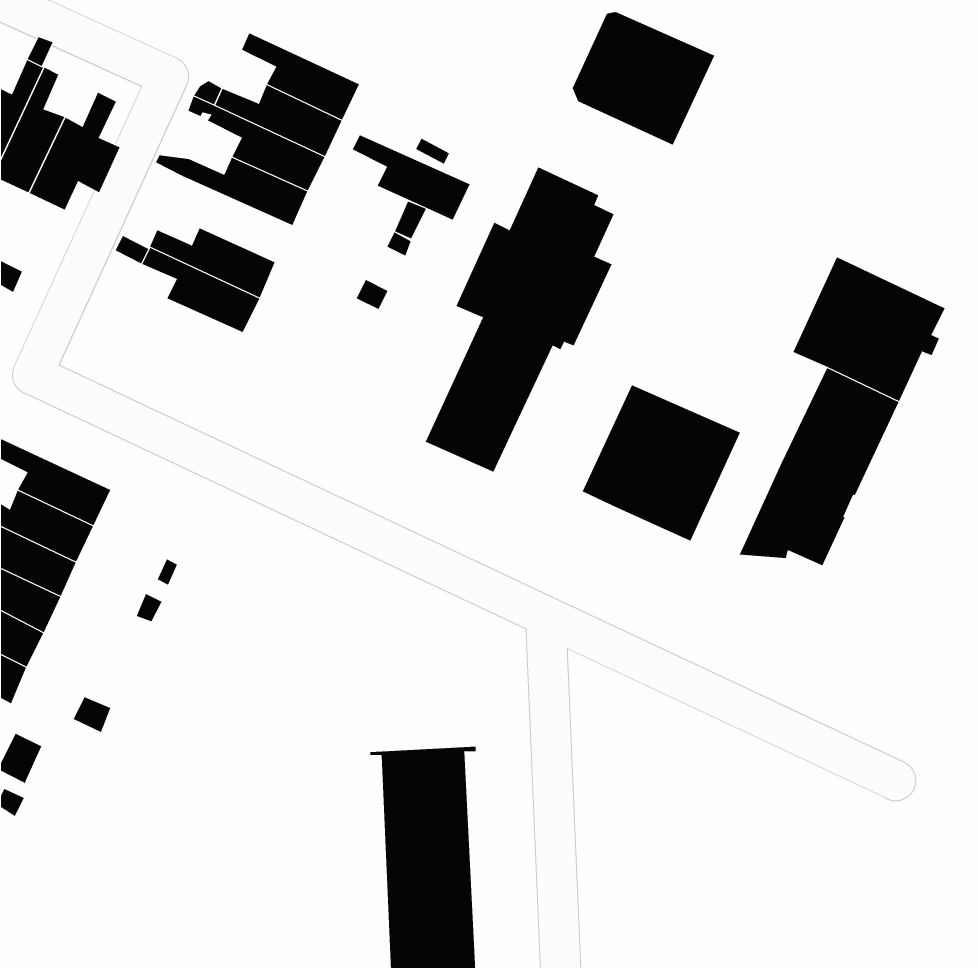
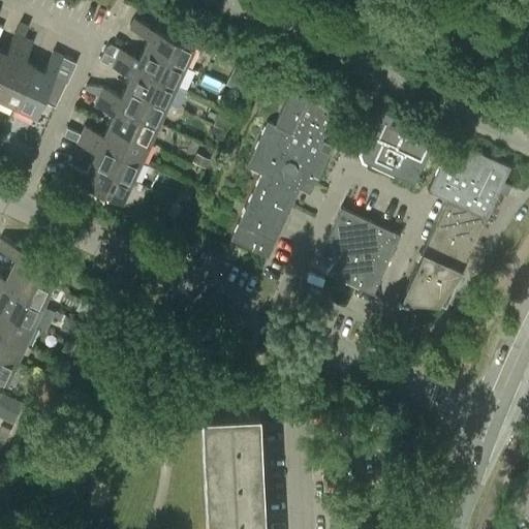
building: [572,12,715,145] -> [360,117,437,189]
building: [352,134,471,220] -> [94,100,158,147]
building: none -> [62,166,131,206]

